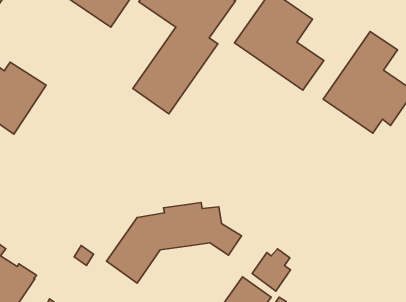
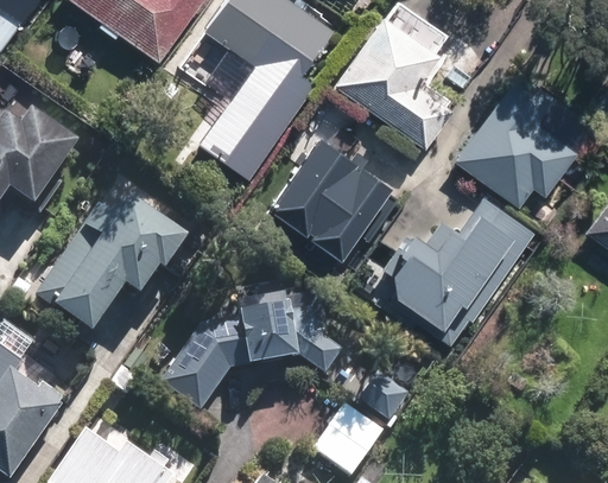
building: none -> [267,136,392,261]
building: none -> [390,196,534,344]
building: none -> [32,199,183,337]

